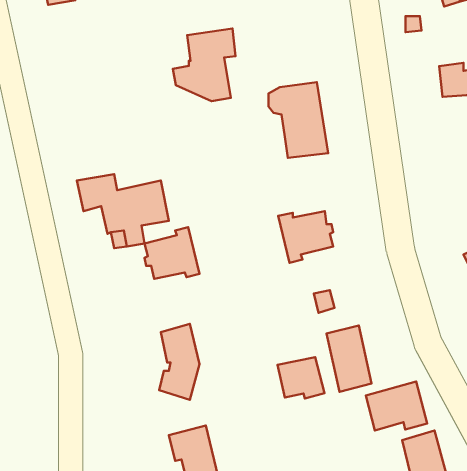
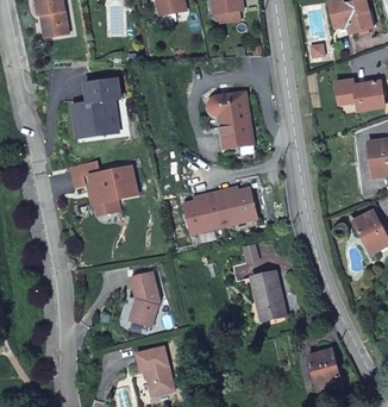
building: [173,29,236,101] -> [73,76,119,130]
building: [145,227,199,279] -> [184,192,225,230]
building: [278,357,324,399] -> none
building: [366,381,427,430] -> none

